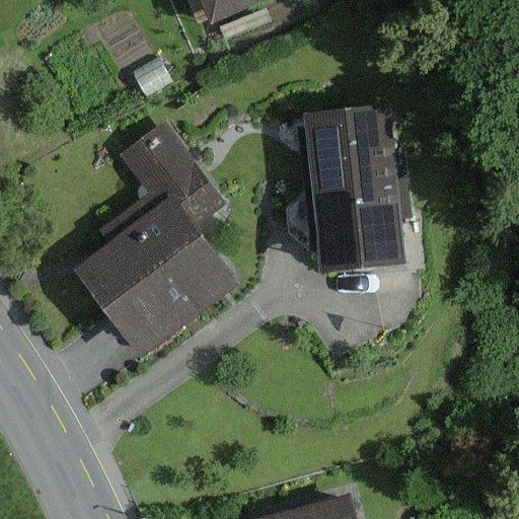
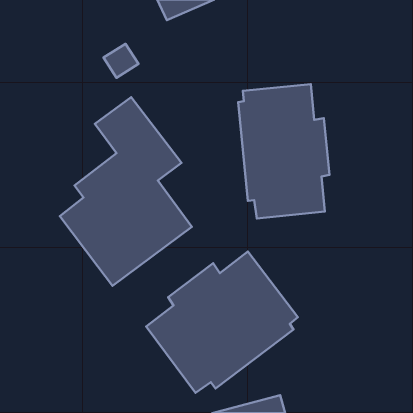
building: none -> [146,251,298,393]

